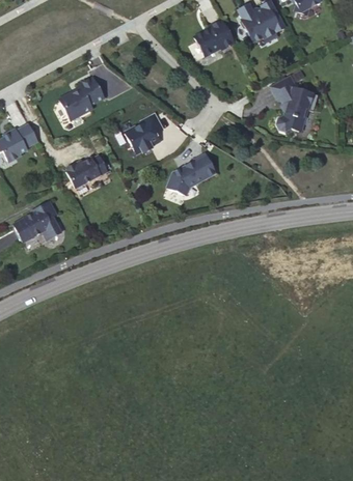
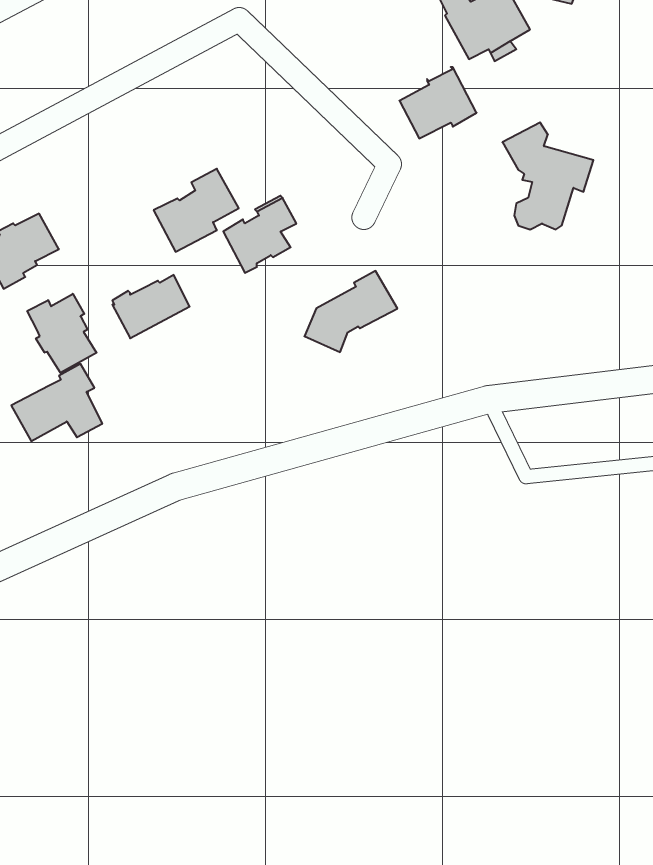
building: [194,19,235,56] -> [399,67,477,138]
building: [57,74,102,117] -> [154,169,239,252]
building: none -> [27,294,97,373]

